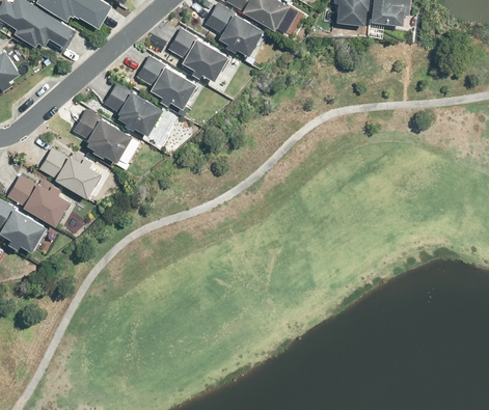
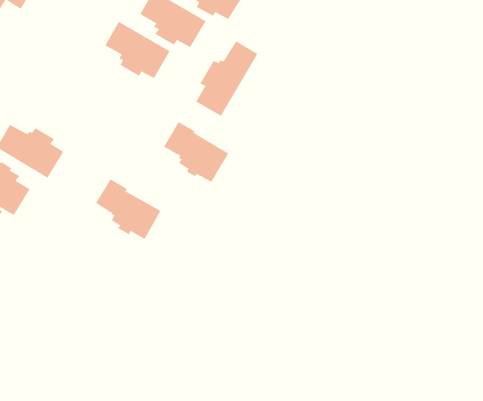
building: none -> [196,41,258,117]
building: [105,85,164,140] -> [163,121,229,183]
building: [74,112,133,167] -> [95,178,161,240]

